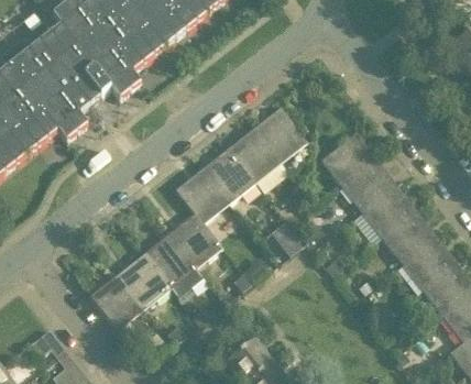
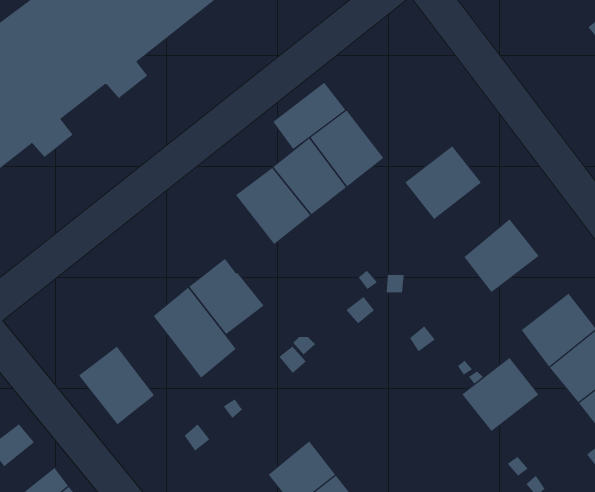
building: none -> [273,82,346,150]
building: [341,157,395,210] -> none
building: [174,166,228,221] -> none
building: [382,209,437,262] -> [462,357,539,432]
building: [116,252,168,306] -> none

